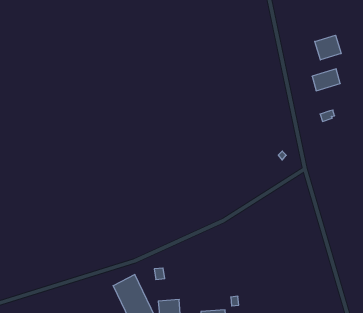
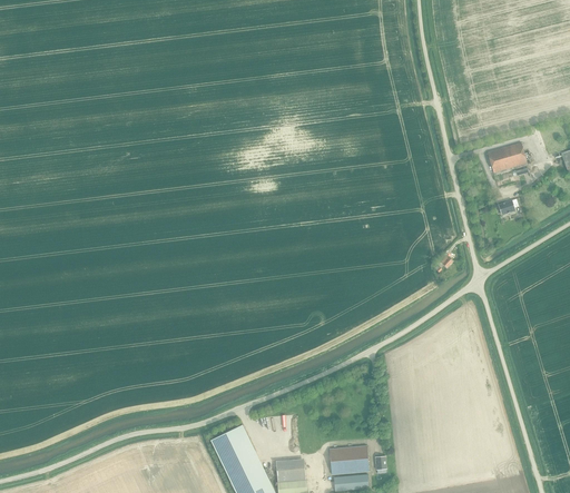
building: [315,35,341,60] -> none
building: none -> [328,445,368,473]

